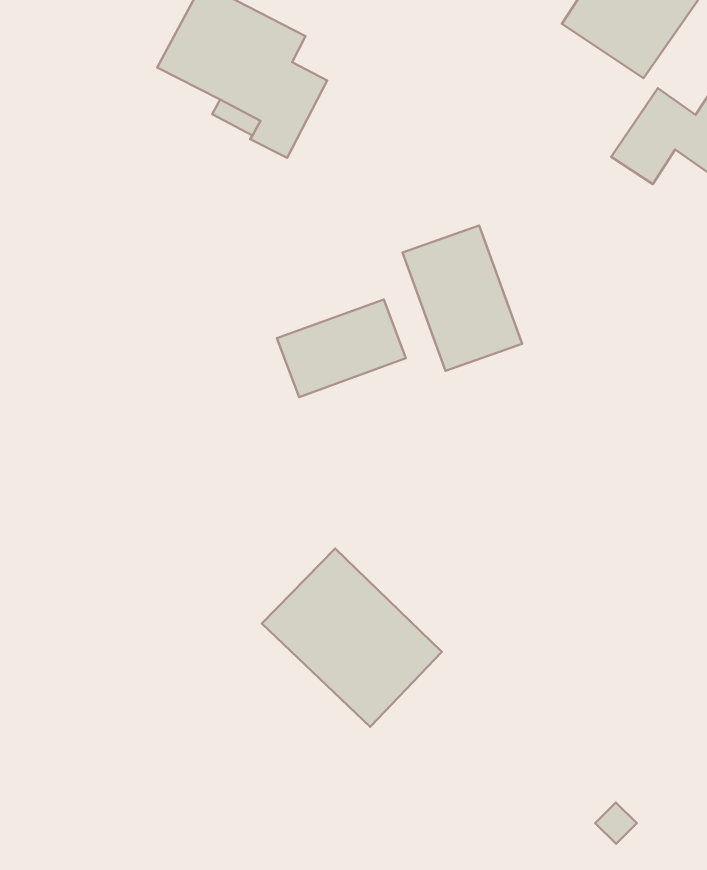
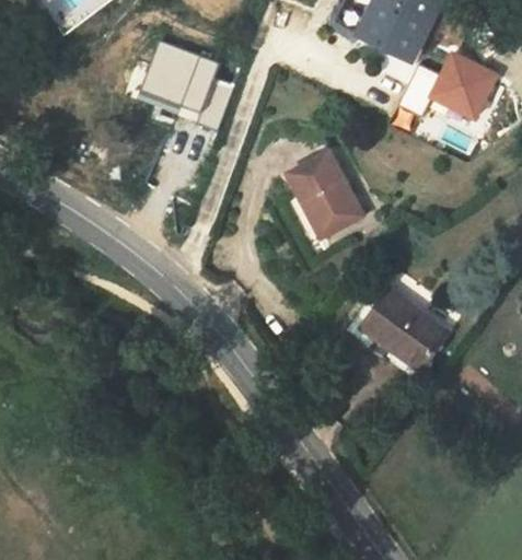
building: [277,299,406,397] -> none
building: [262,549,442,727] -> [349,282,451,378]

